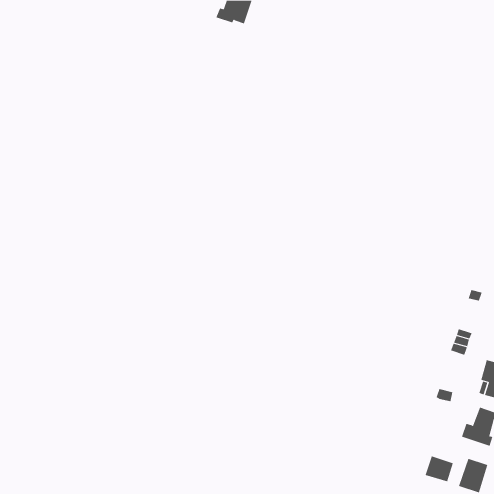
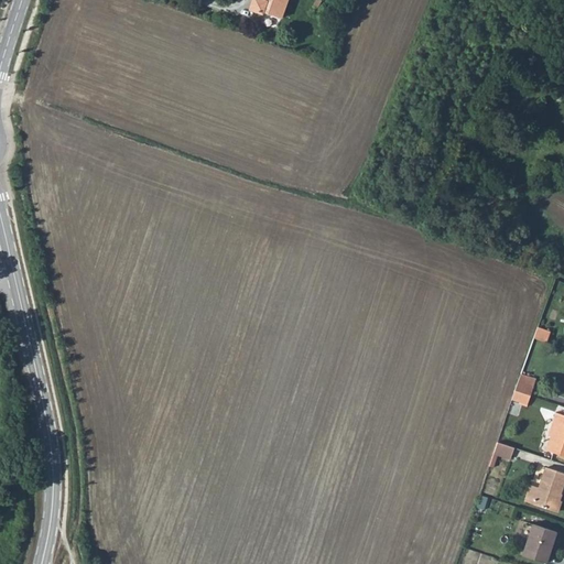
building: [425,455,453,482] -> none

